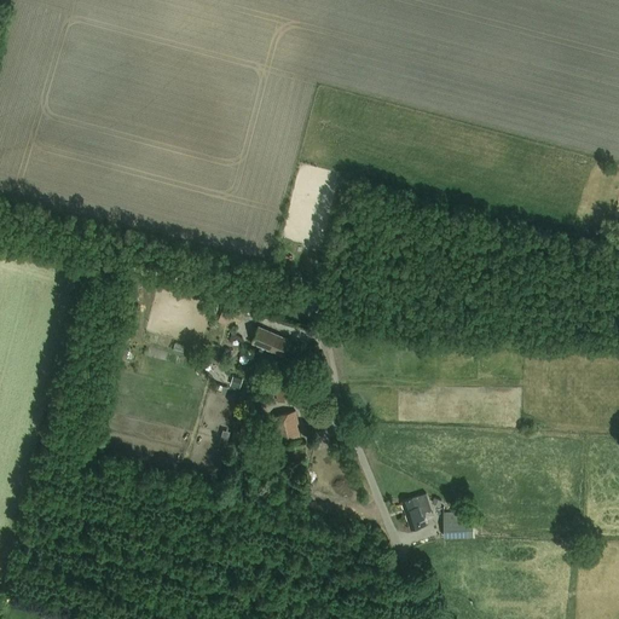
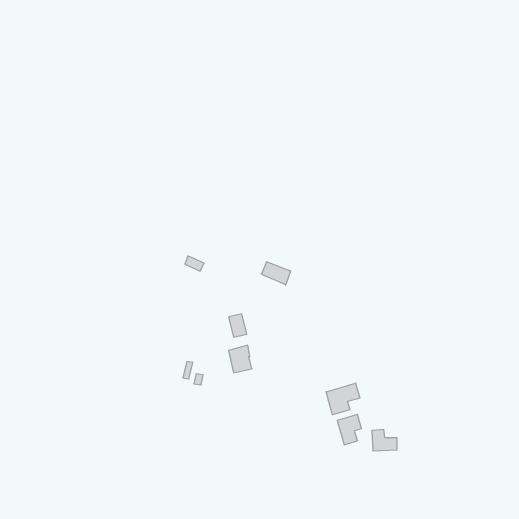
building: [251,329,287,357] -> [261,262,291,285]
building: none -> [326,383,360,415]

